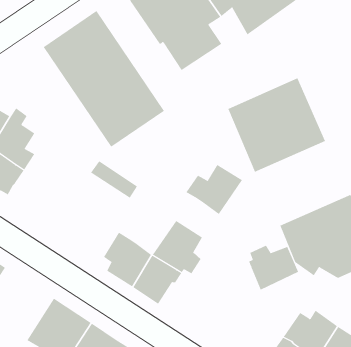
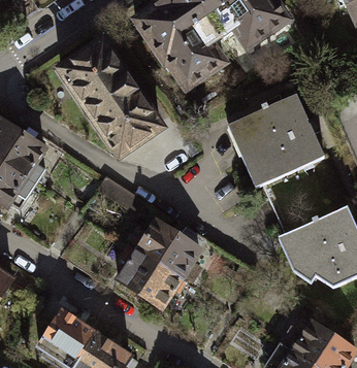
building: [186,164,243,215] -> [124,216,178,265]
building: [249,245,299,290] -> none

